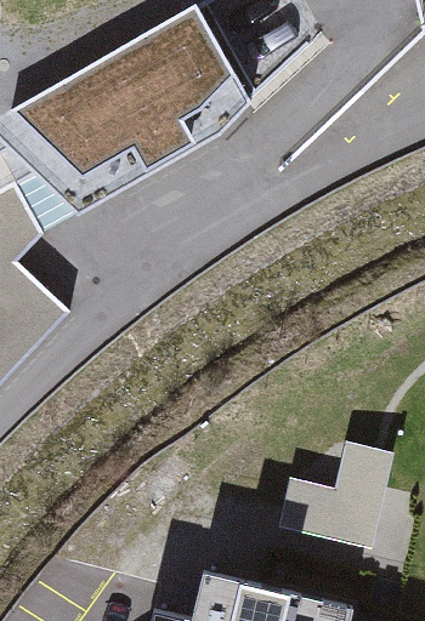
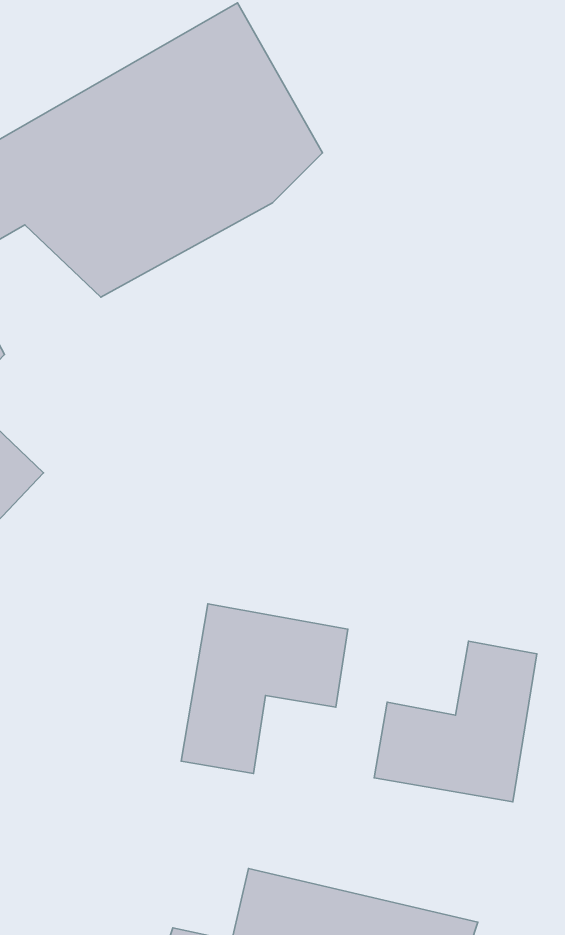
building: none -> [181,604,348,774]

